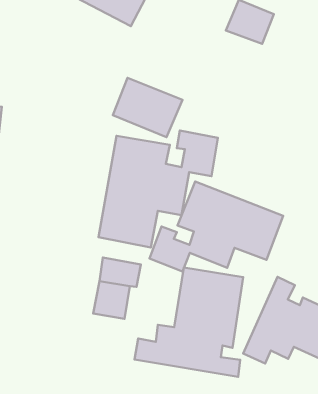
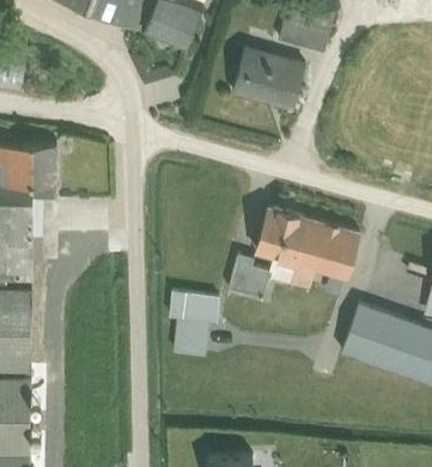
building: [113,78,182,137] -> [231,50,303,109]
building: [98,130,218,247] -> none
building: [135,268,243,377] -> none

